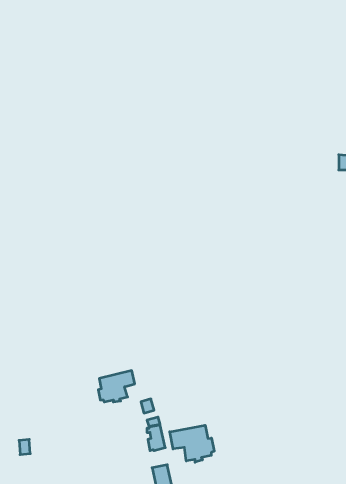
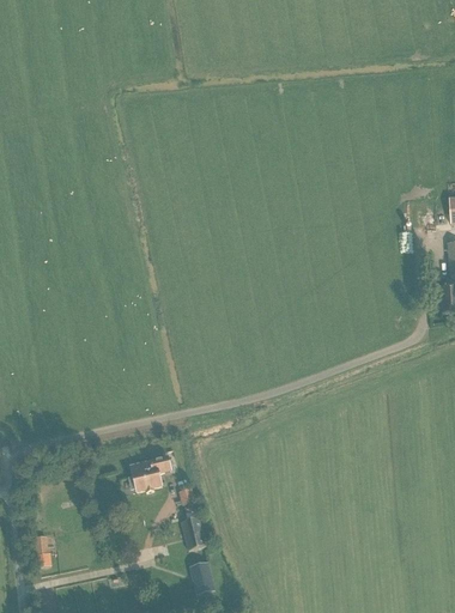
building: [170,425,214,462] -> none

